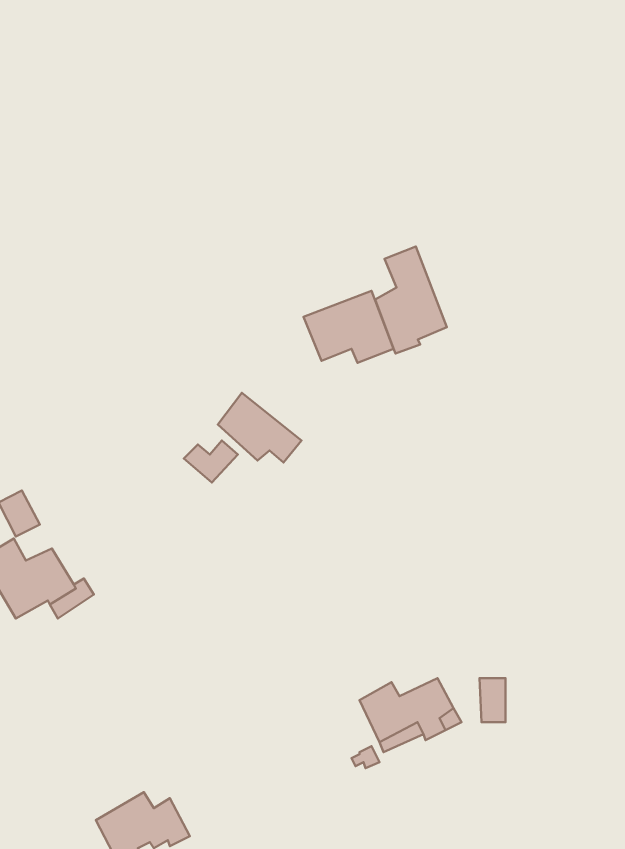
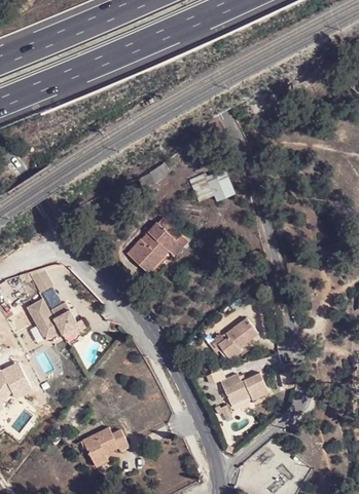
building: [375,246,447,353] -> none
building: none -> [135,237,166,274]
building: none -> [221,319,260,360]

